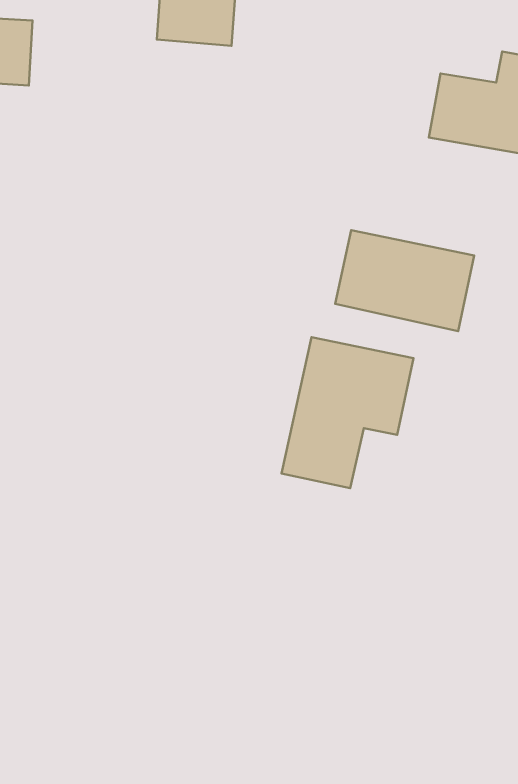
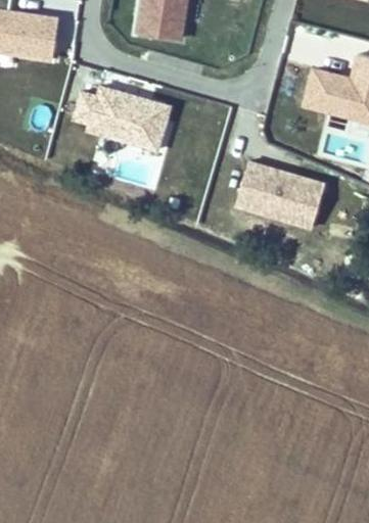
building: none -> [75,85,172,150]
building: [282,337,413,488] -> none

